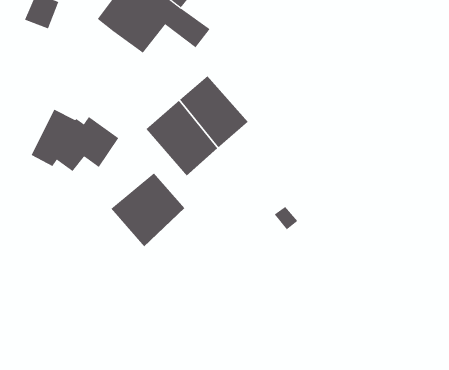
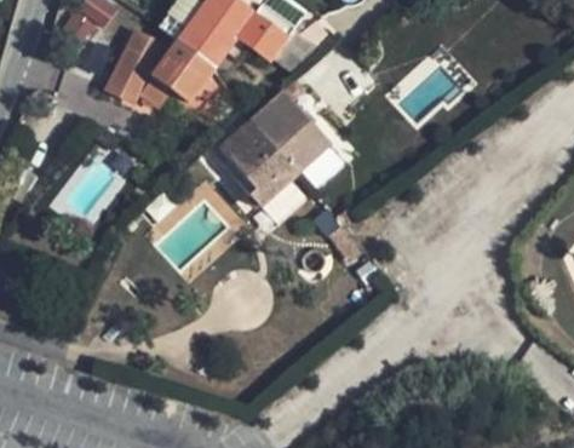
building: [31,109,119,172] -> [109,33,211,105]
building: [111,172,185,247] -> none

